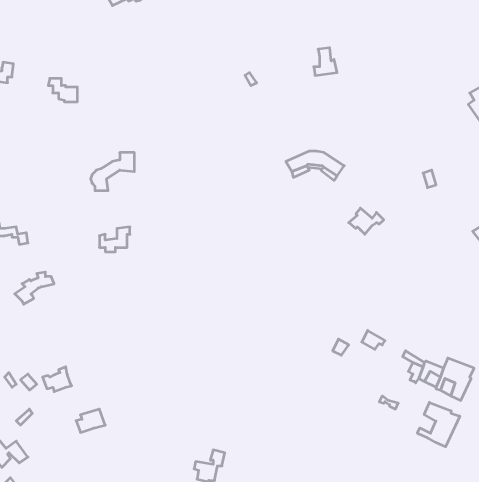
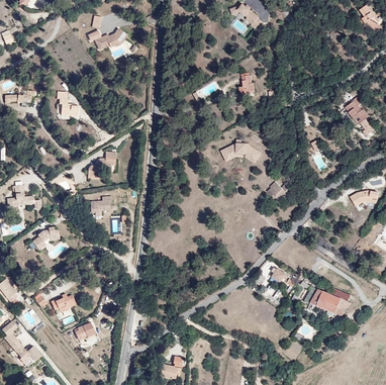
building: [417,402,460,447] -> none

